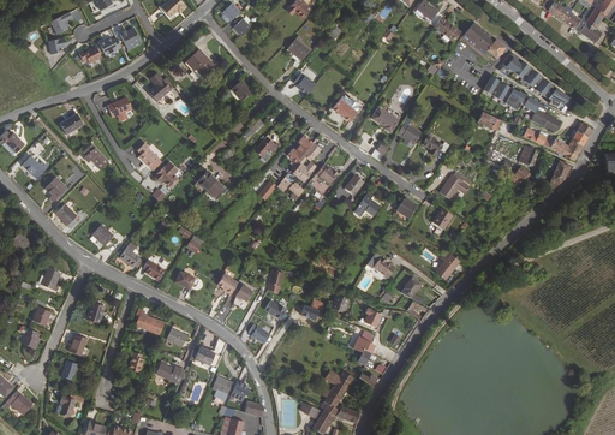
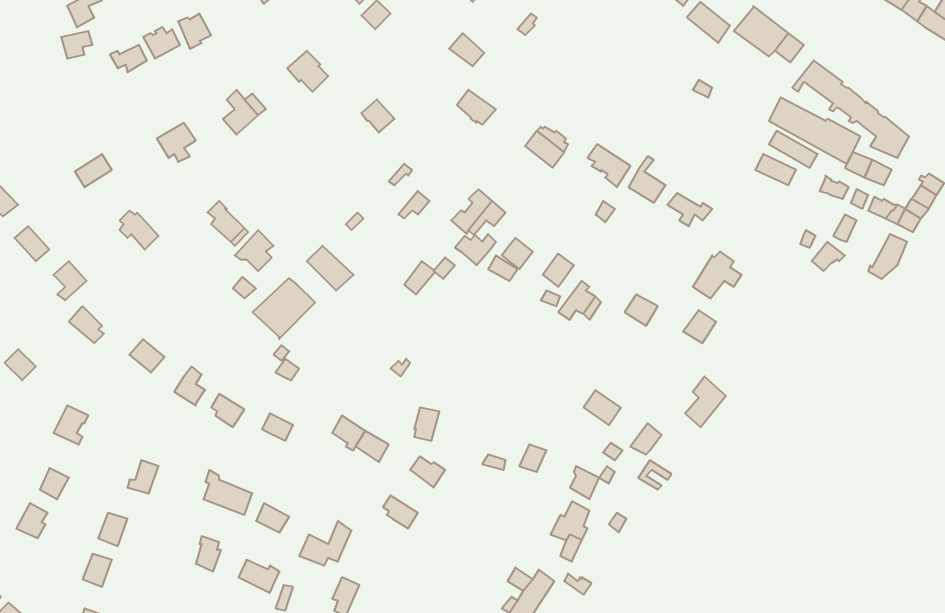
building: none -> [253,278,315,339]

